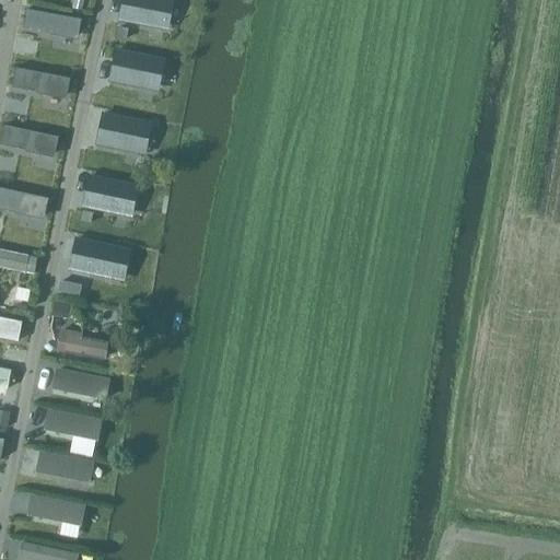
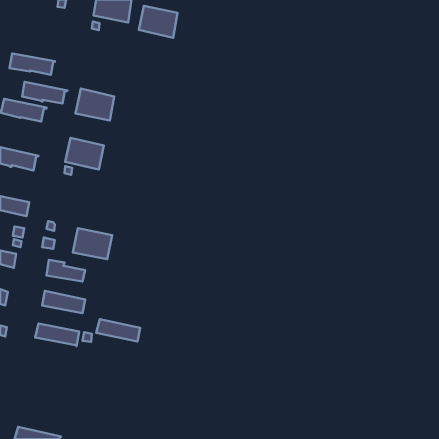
building: [24,9,82,36] -> [22,82,68,103]
building: [109,49,159,90] -> [139,6,177,38]
building: [69,238,119,278] -> [73,228,112,259]
building: [37,453,93,481] -> [96,319,140,342]
building: [28,497,84,525] -> none

